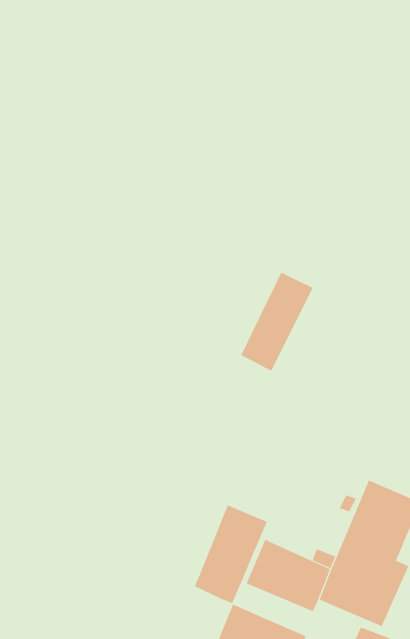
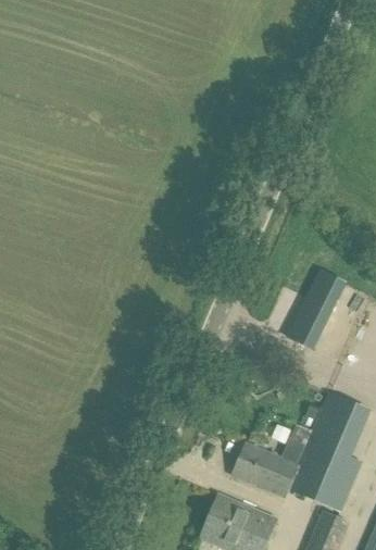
building: [240,272,313,371] -> [288,271,347,351]
building: [194,505,267,604] -> none

